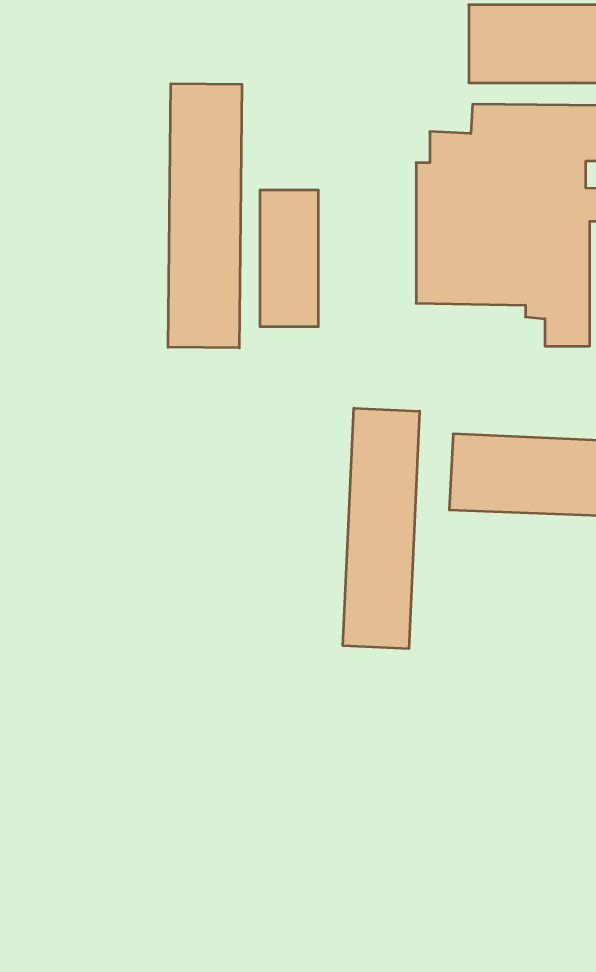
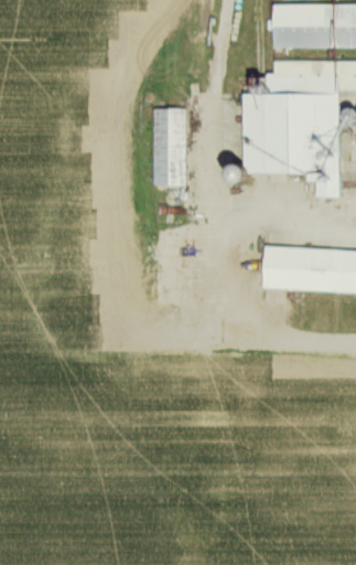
building: [168,84,242,348] -> none
building: [343,408,420,649] -> none

